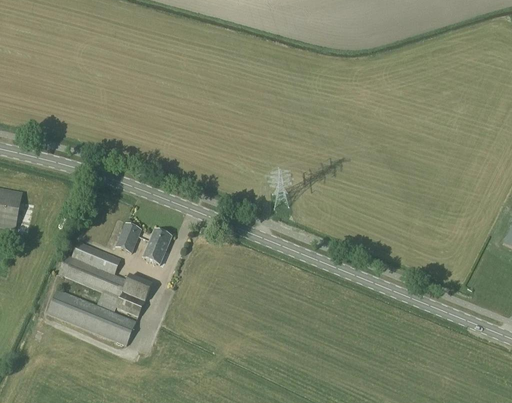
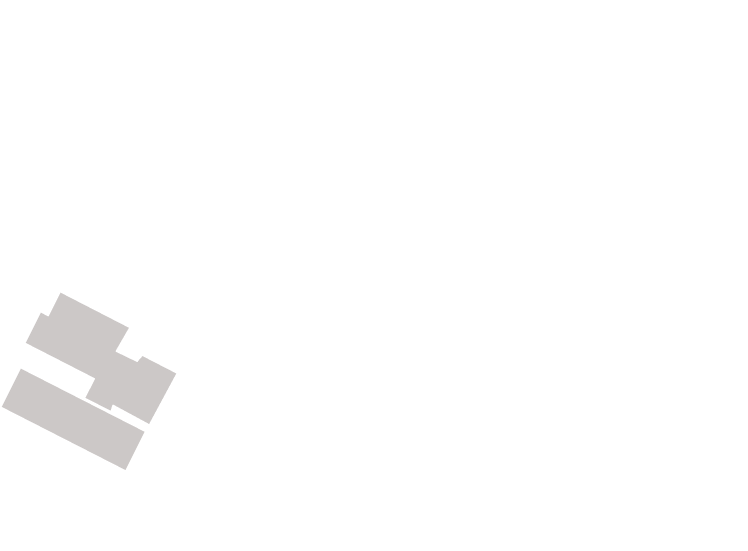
building: [115,222,142,253] -> none
building: [142,229,171,265] -> none

